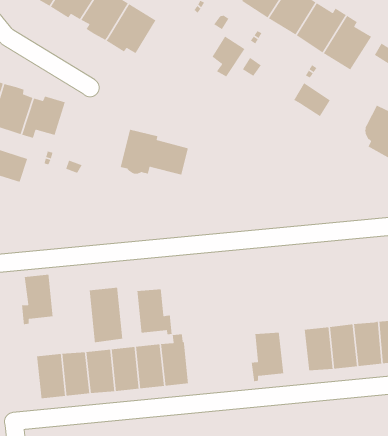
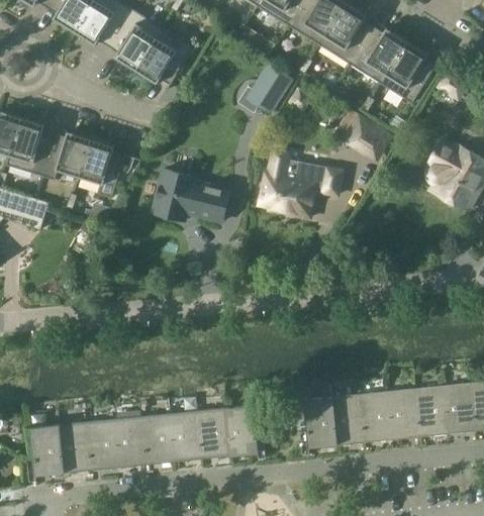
building: none -> [79,138,133,197]
building: none -> [259,147,342,217]
building: [21,274,54,325] -> [26,424,63,482]
building: [89,287,123,343] -> none
building: [136,289,172,335] -> [224,405,265,457]
building: none -> [331,394,364,444]

